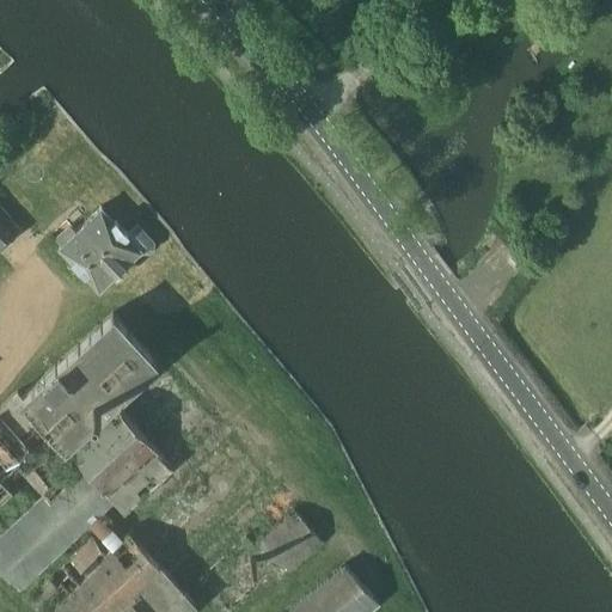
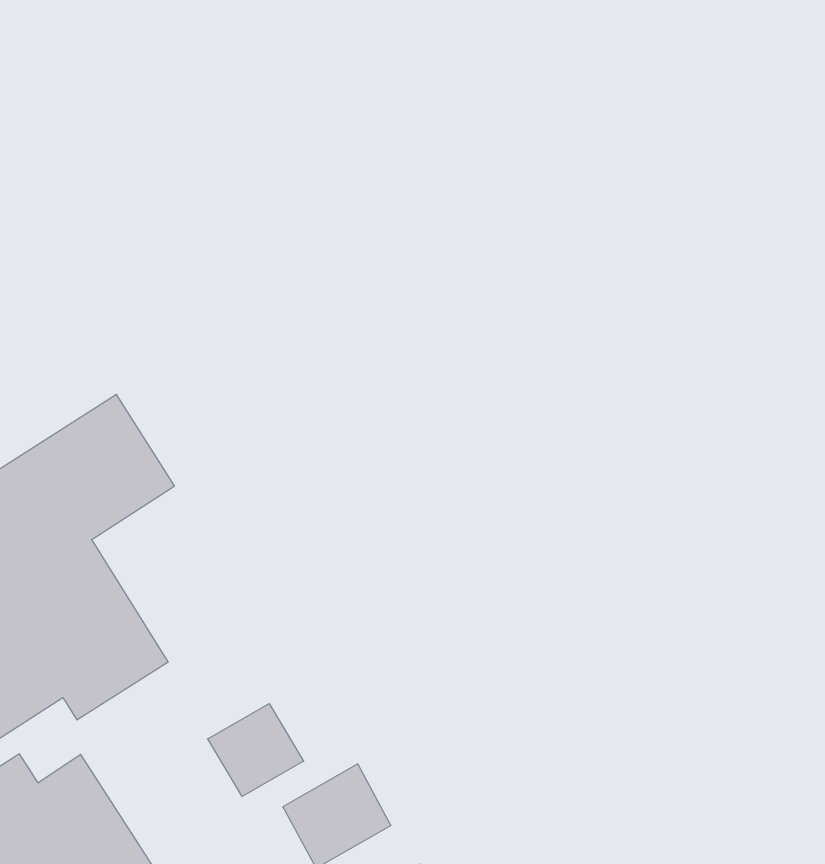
building: [61,213,154,294] -> none
building: none -> [208,704,304,796]

